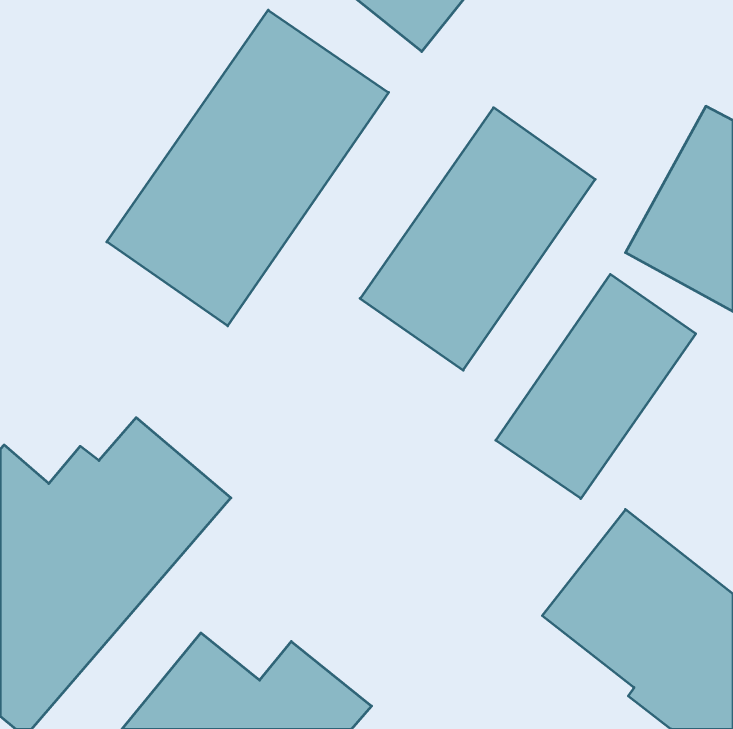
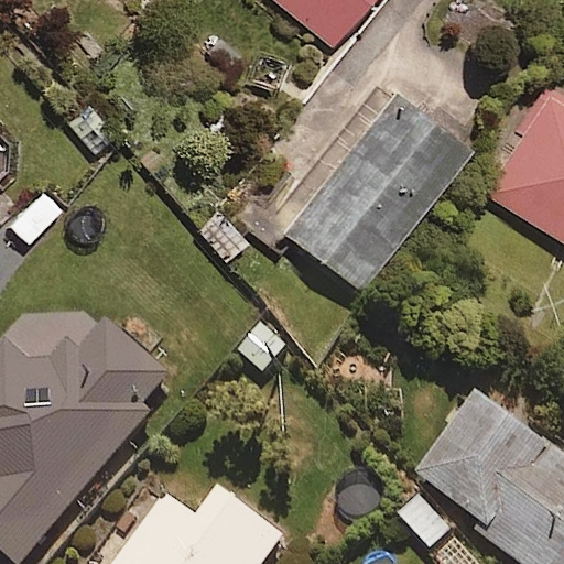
building: [107,10,389,326] -> none
building: [496,274,696,499] -> none

